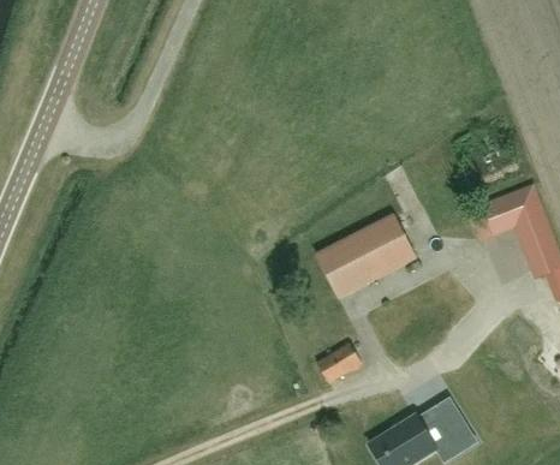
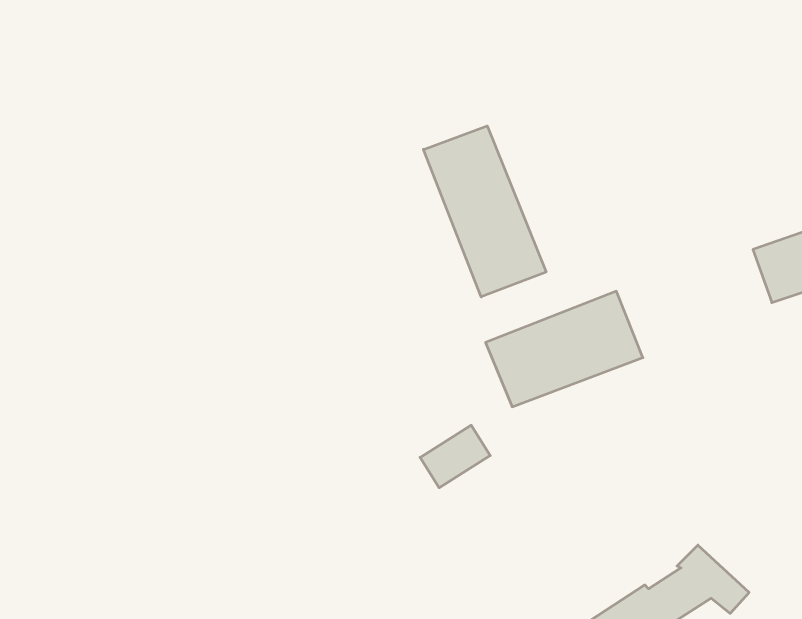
building: none -> [423,126,546,297]
building: [316,342,361,382] -> [420,425,490,488]

